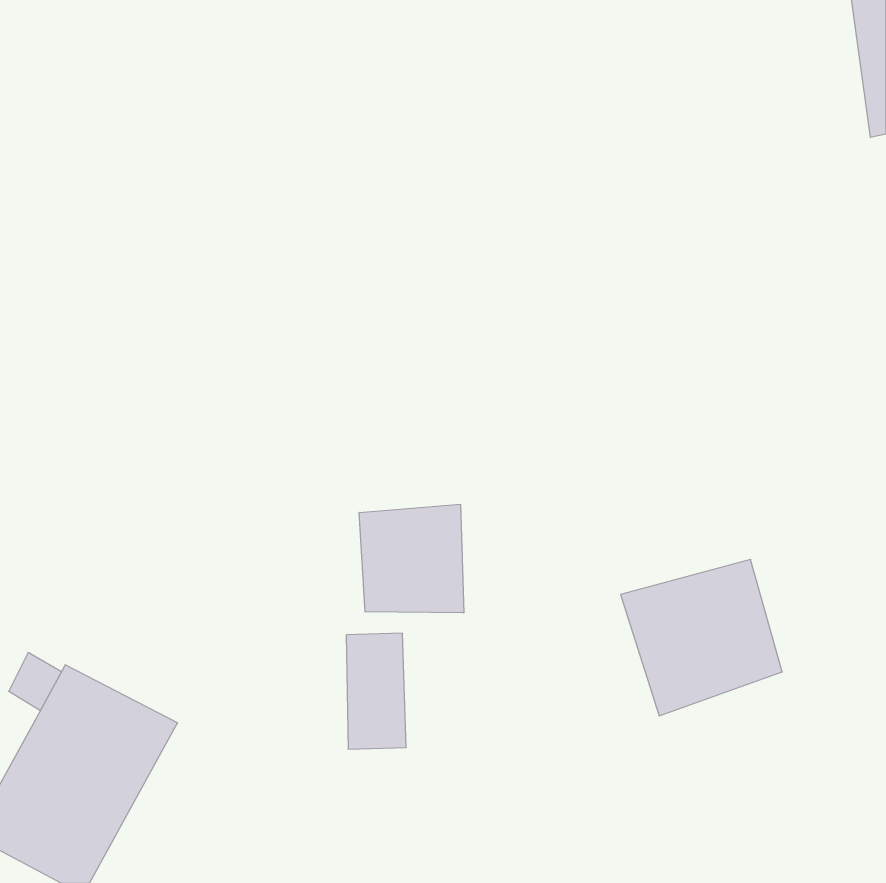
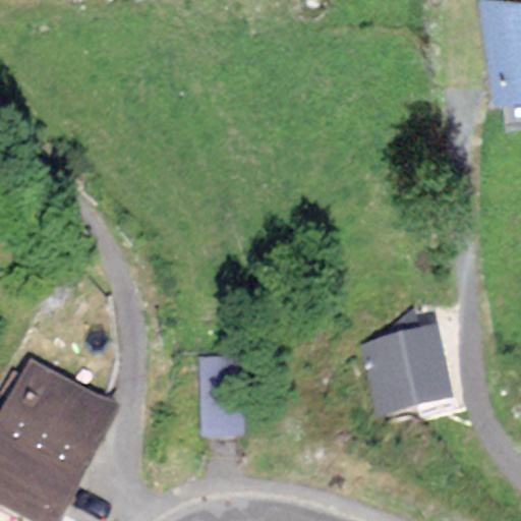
building: [359,504,464,613] -> none

